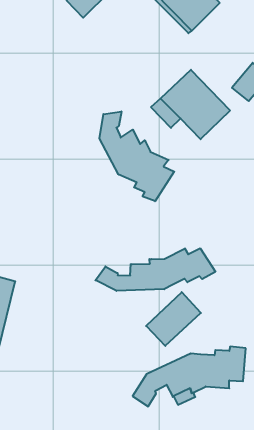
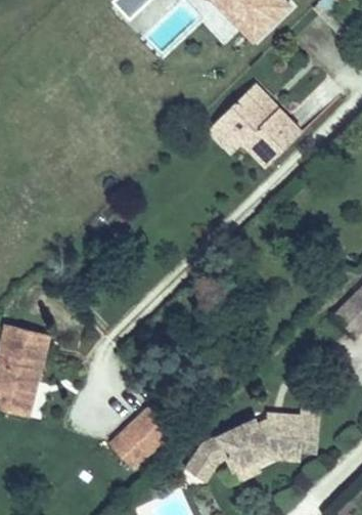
building: [100,111,174,201] -> none
building: [95,248,215,291] -> none
building: [146,292,201,346] -> [109,404,174,468]

